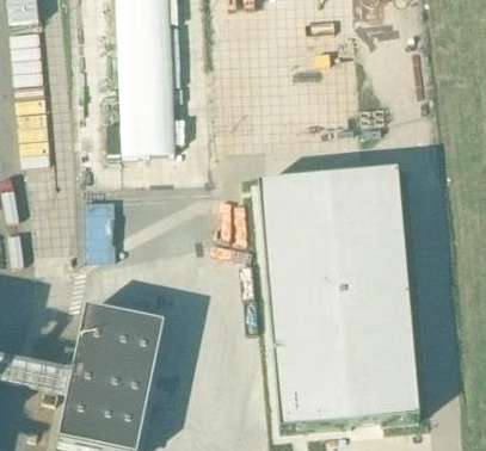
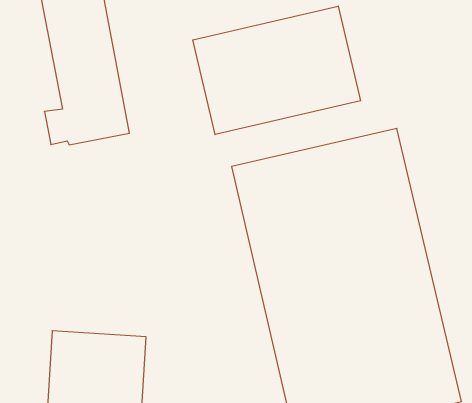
building: none -> [193,6,361,135]

